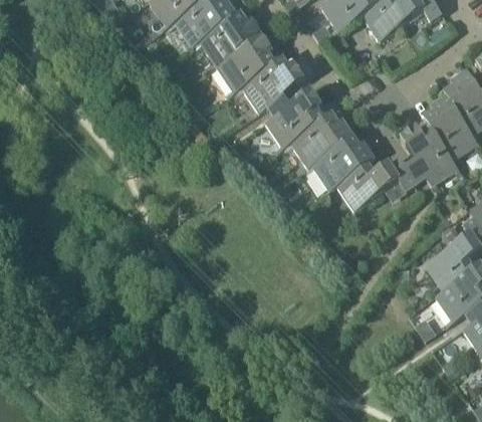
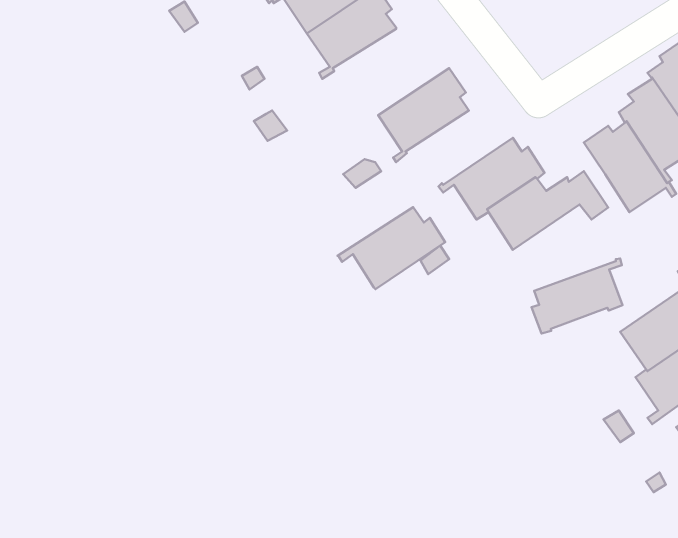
building: [234,56,305,112] -> none
building: [282,112,353,166] -> [338,207,445,289]
building: none -> [532,259,622,333]

